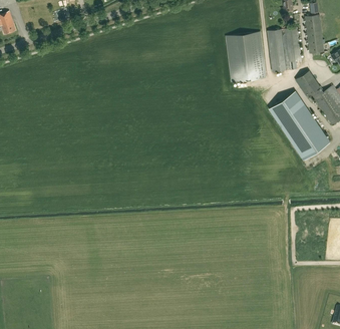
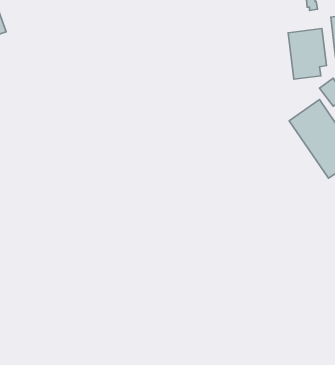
building: [226,32,266,82] -> none

